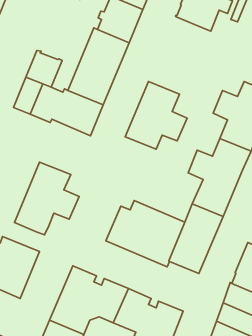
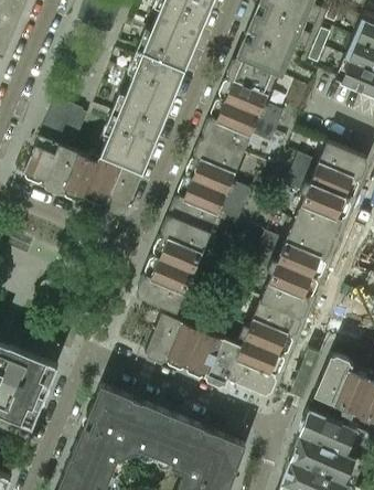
building: none -> [201,58,284,160]
building: [14,162,79,235] -> [137,216,222,312]

